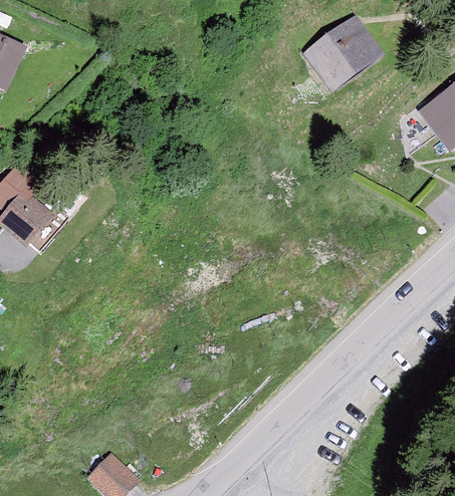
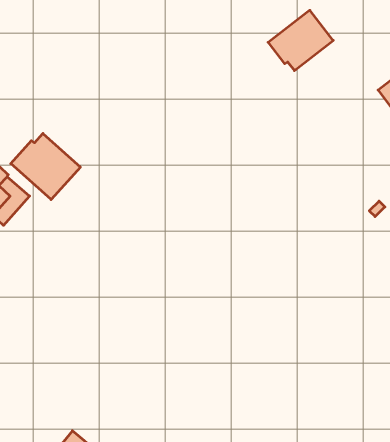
building: none -> [11,133,80,200]

